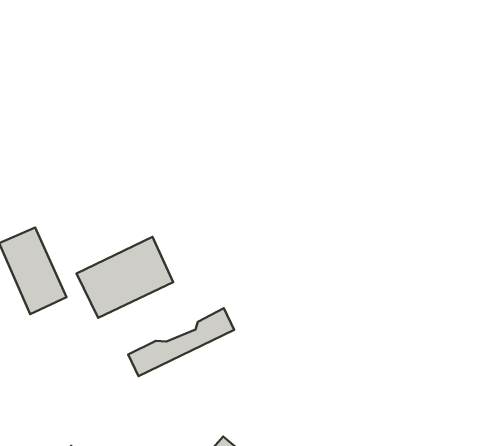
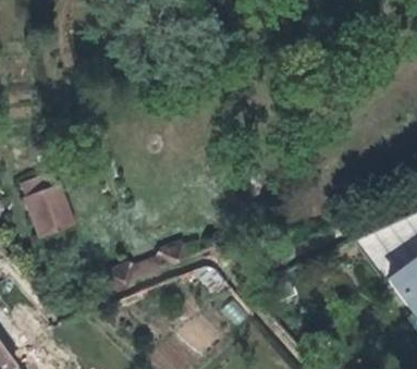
building: [76,237,173,318] -> none

